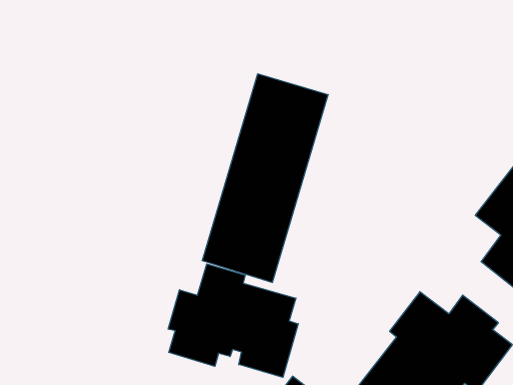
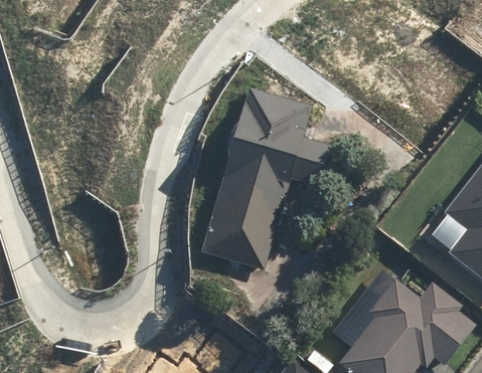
building: [168,264,298,377] -> none

